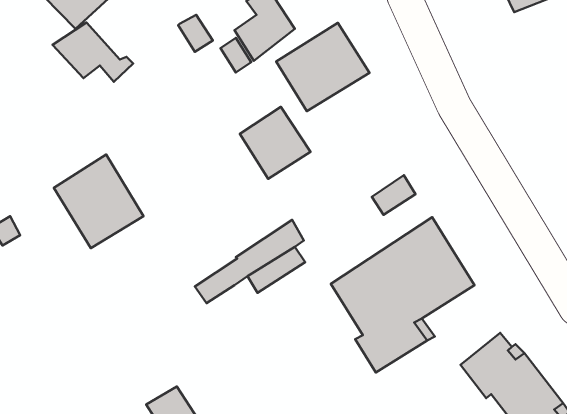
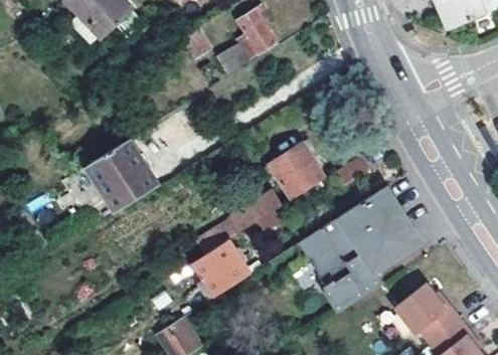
building: [53,23,133,82] -> none
building: [276,23,370,111] -> none
building: [240,107,310,179] -> [269,144,324,200]
building: none -> [192,241,248,297]

